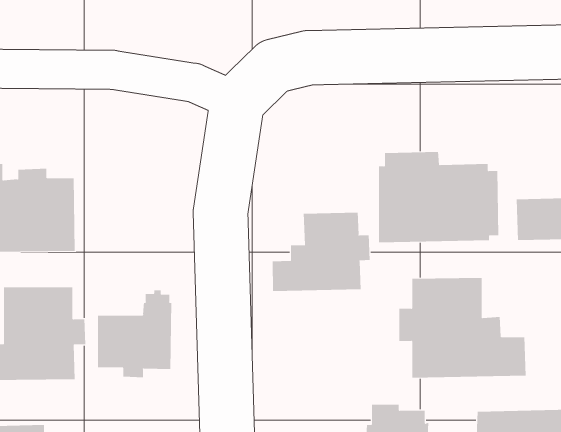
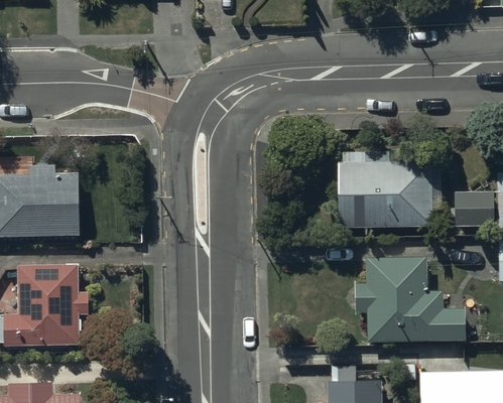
building: [272,212,370,292] -> none
building: [97,289,172,378] -> none

